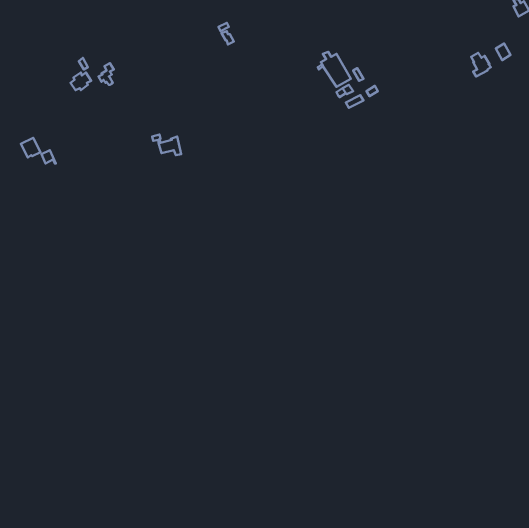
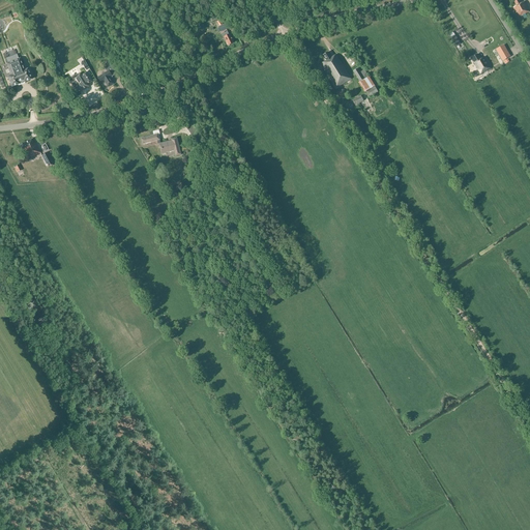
building: none -> [6,58,31,86]

